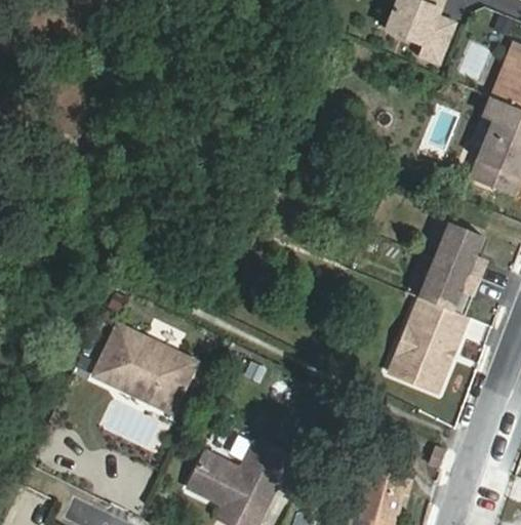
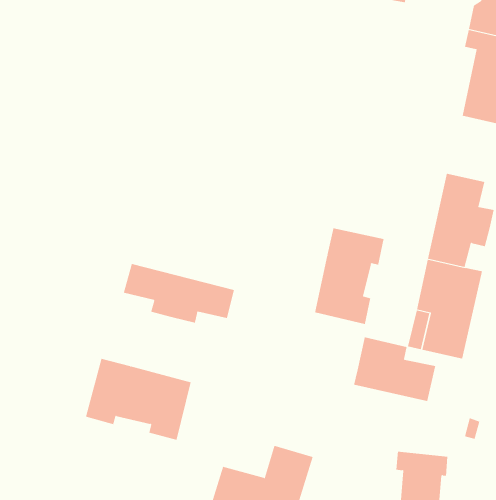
building: none -> [315,227,384,325]
building: none -> [123,263,234,323]
building: none -> [354,337,436,402]

